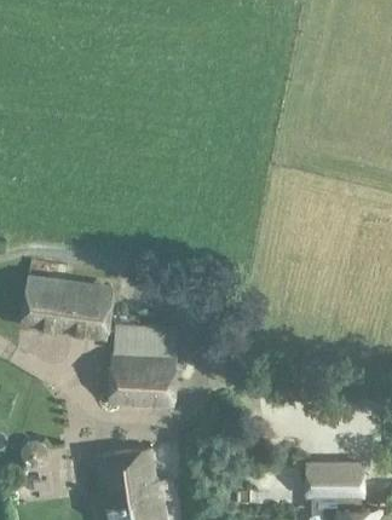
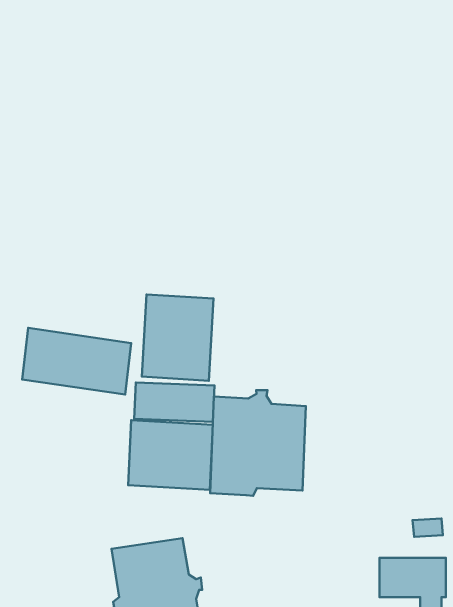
building: none -> [142,294,213,381]
building: none -> [210,390,306,496]

